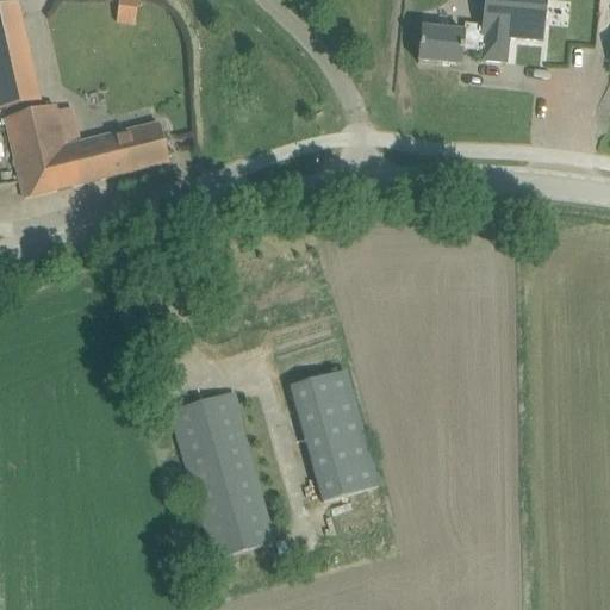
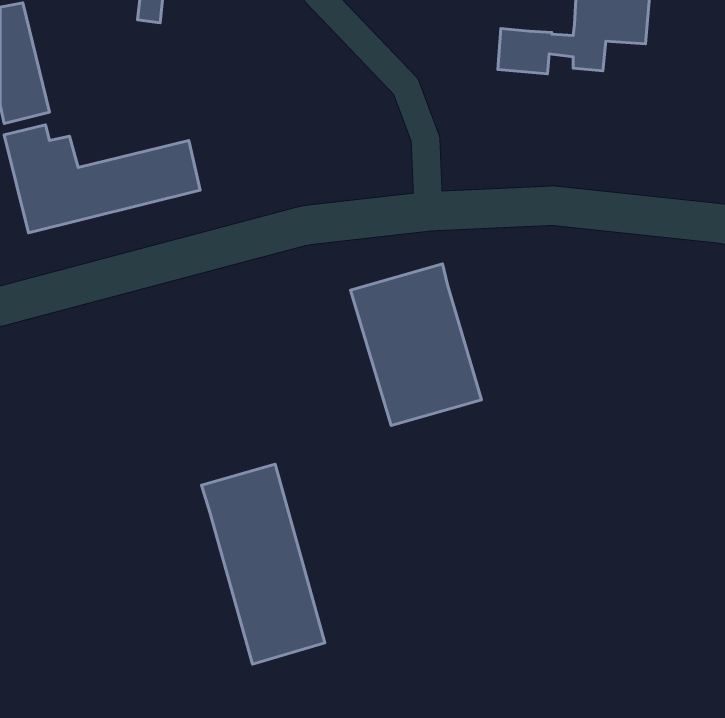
building: none -> [351,264,482,425]
building: [290,368,378,499] -> none

